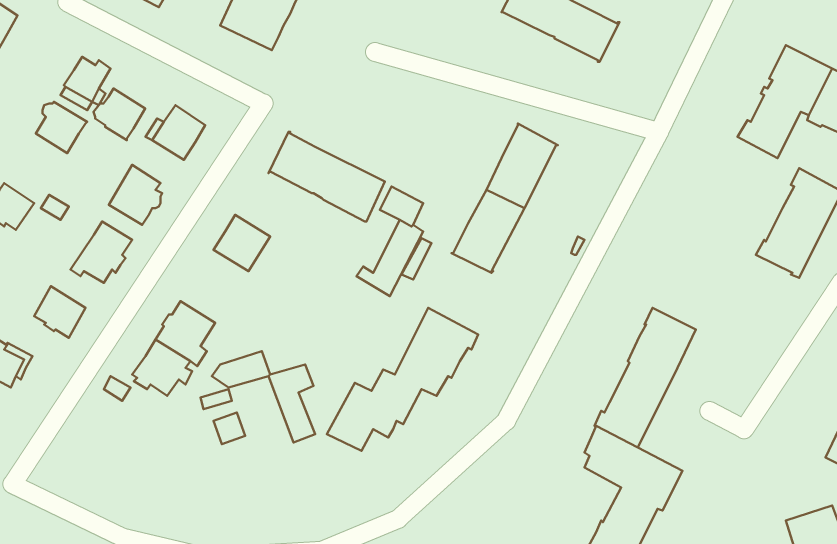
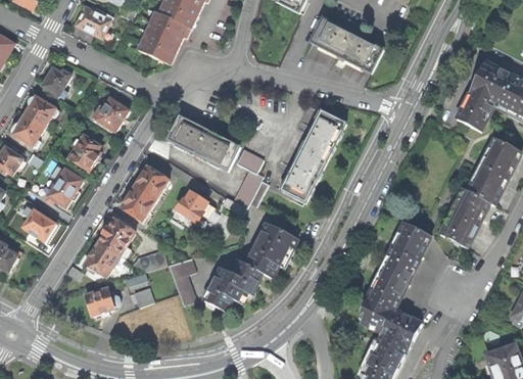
building: [93,89,145,140] -> [12,115,44,147]
building: none -> [121,187,155,222]
building: none -> [439,188,489,247]
building: none -> [177,192,216,223]
building: none -> [85,288,118,315]

